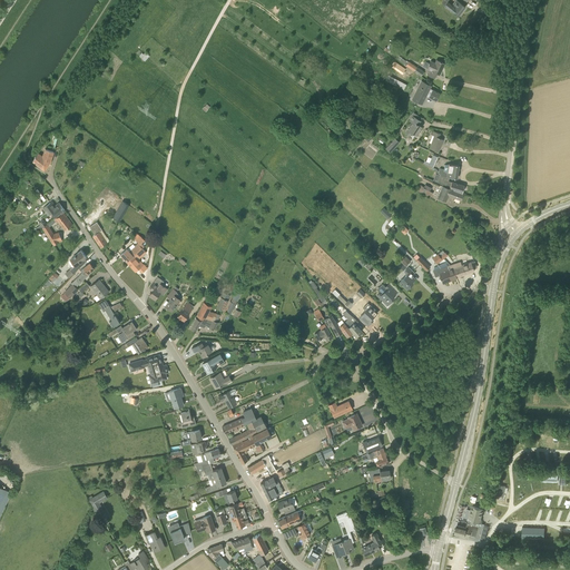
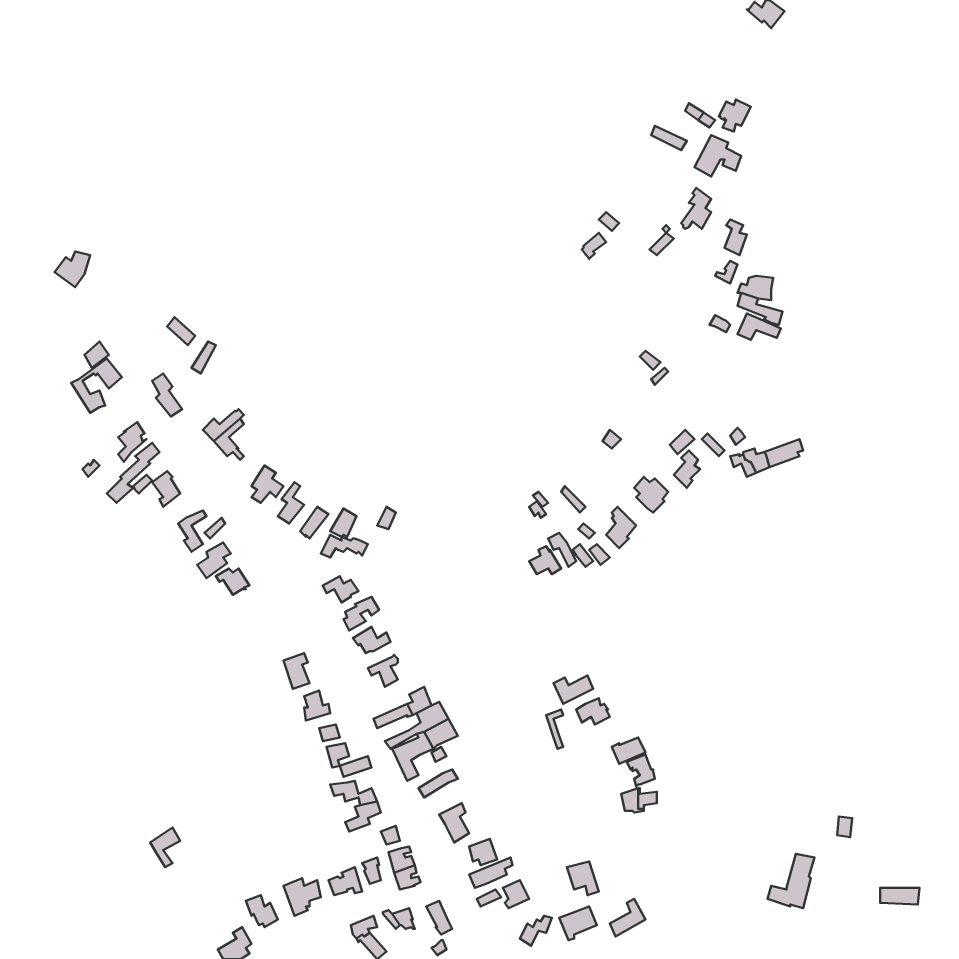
building: [129,354,168,382] -> none

